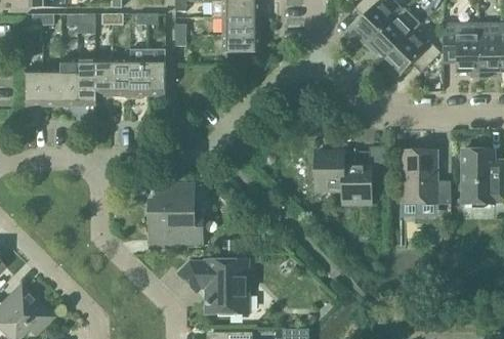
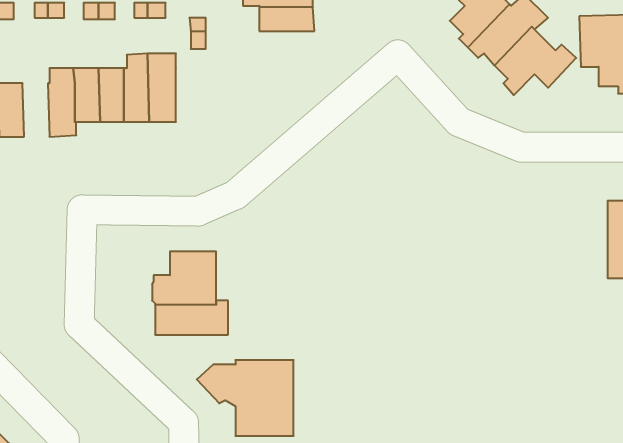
building: [223,34,261,53] -> none
building: [60,59,79,107] -> none
building: [316,146,386,204] -> none
building: [403,152,451,216] -> none

